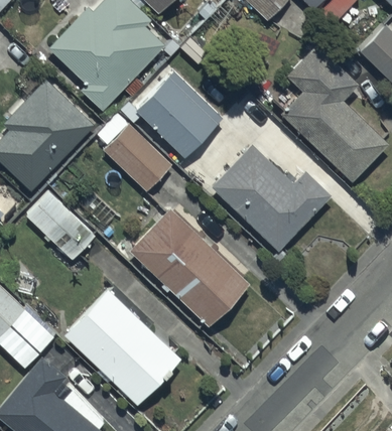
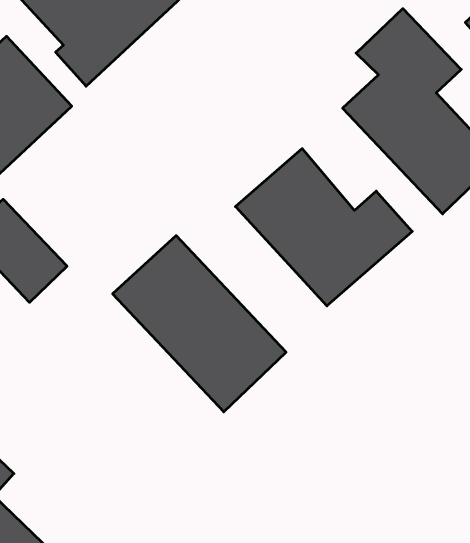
building: [137,71,224,158] -> none
building: [103,123,173,192] -> none
building: [64,291,181,406] -> none

